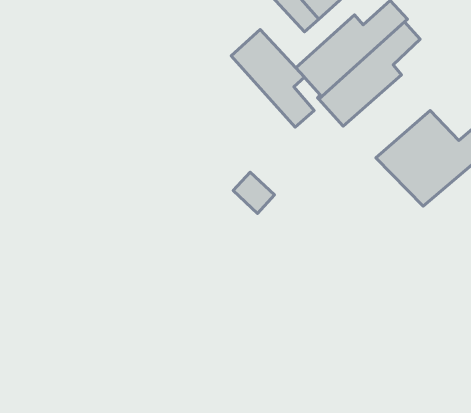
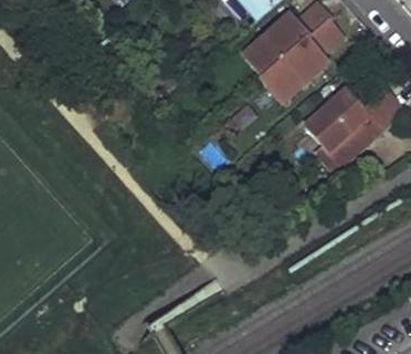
building: [231,29,314,127] -> none

